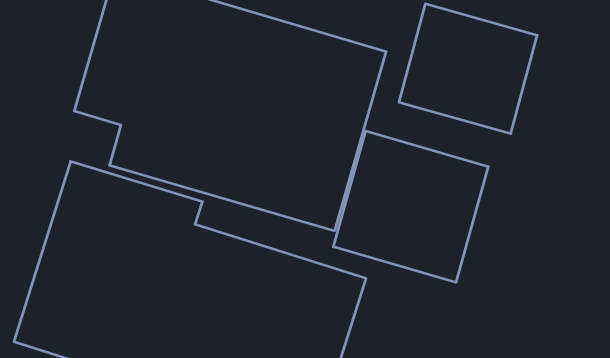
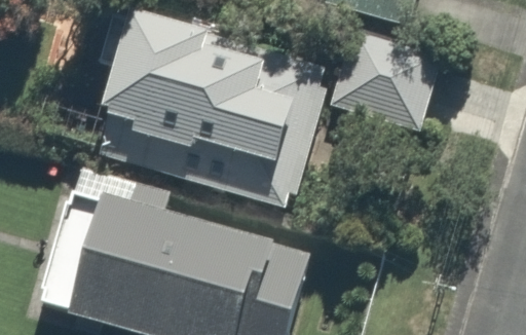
building: [333,131,488,282] -> none

